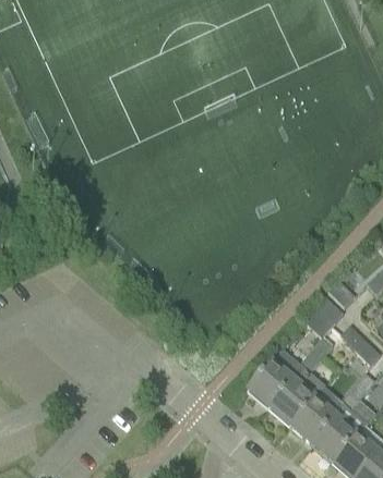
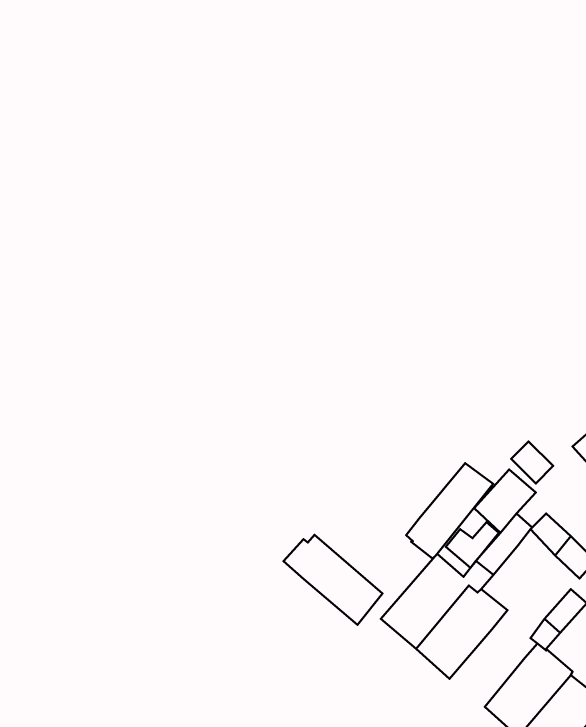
building: none -> [406,463,493,558]
building: none -> [283,535,382,625]
building: [291,397,338,445] -> none

